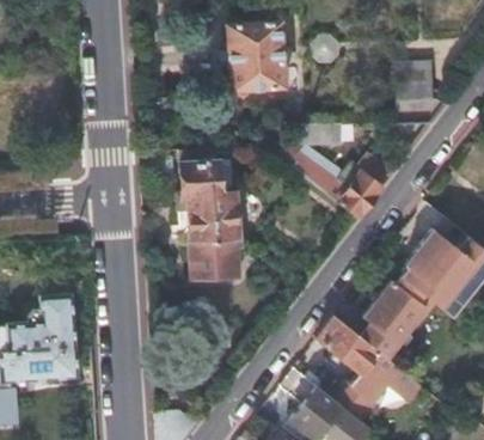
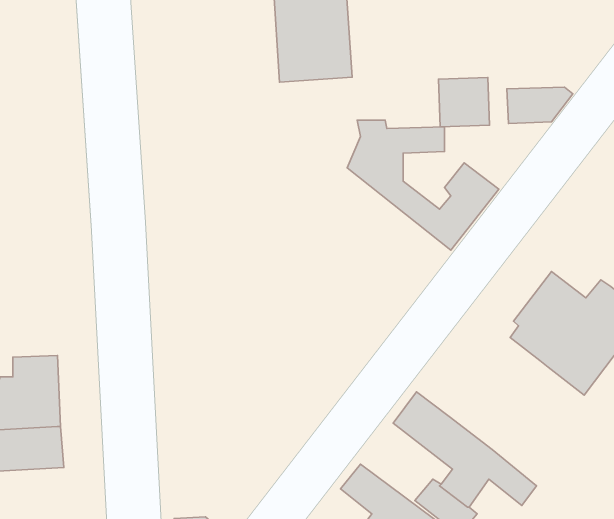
building: [397,60,434,96] -> [438,77,489,127]
building: [180,160,238,277] -> none
building: [357,281,427,362] -> none

